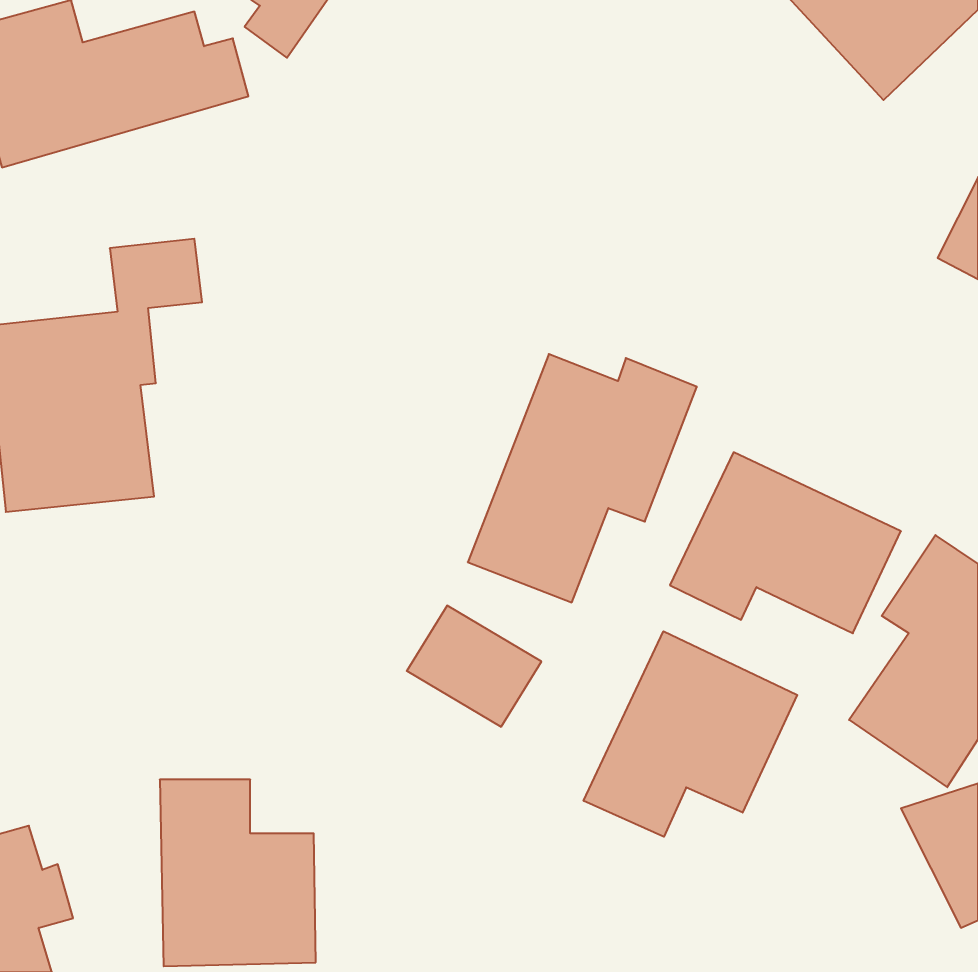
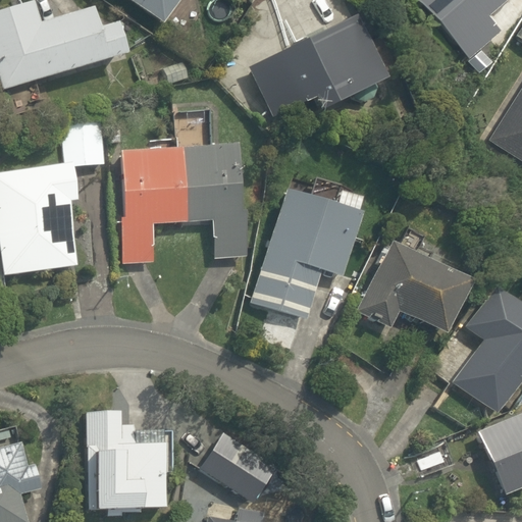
building: none -> [252,14,396,133]
building: none -> [122,149,244,263]
building: [407,606,541,727] -> [200,432,271,497]
building: [584,631,797,837] -> none

